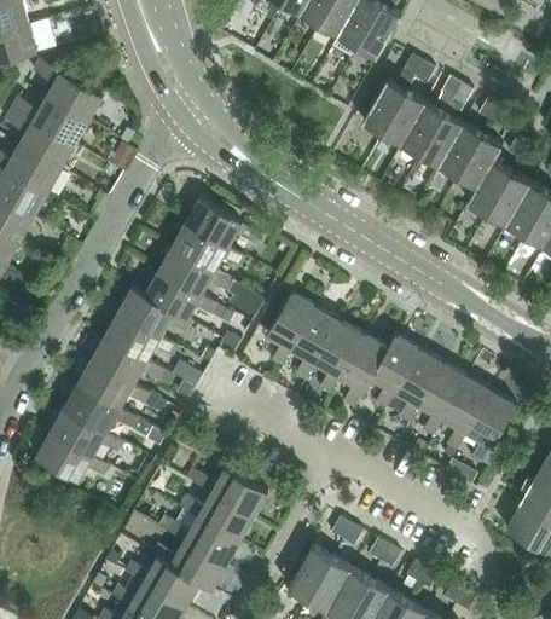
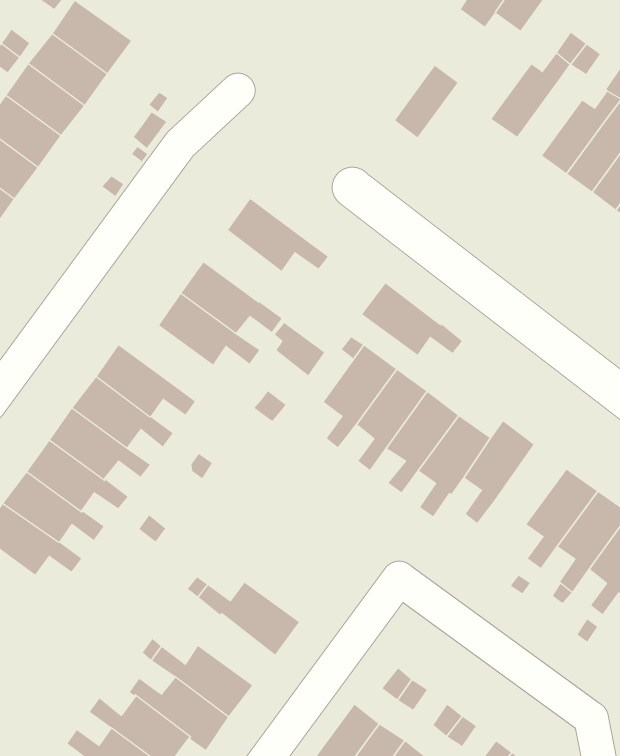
building: [382,92,424,145] -> [394,65,458,138]
building: [170,222,244,271] -> [361,283,463,355]
building: [117,288,191,336] -> none
building: [395,349,442,423] -> none
building: [180,493,253,542] -> none

